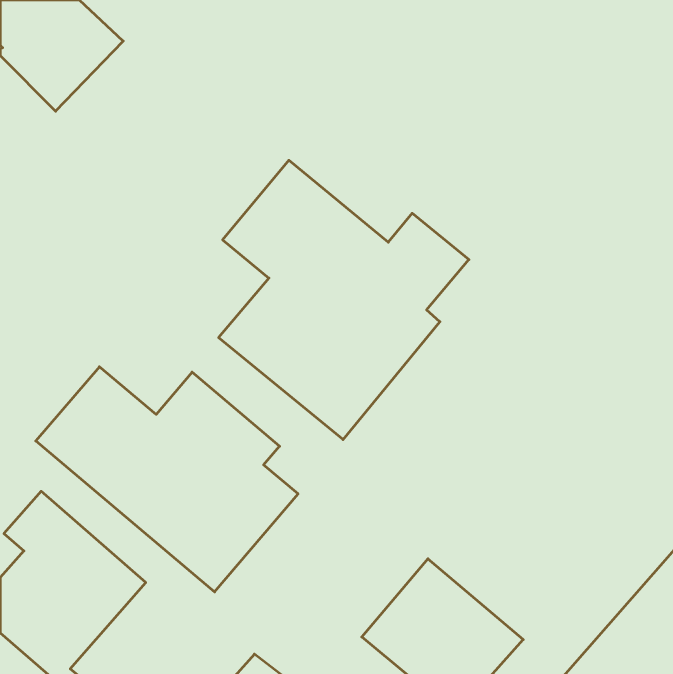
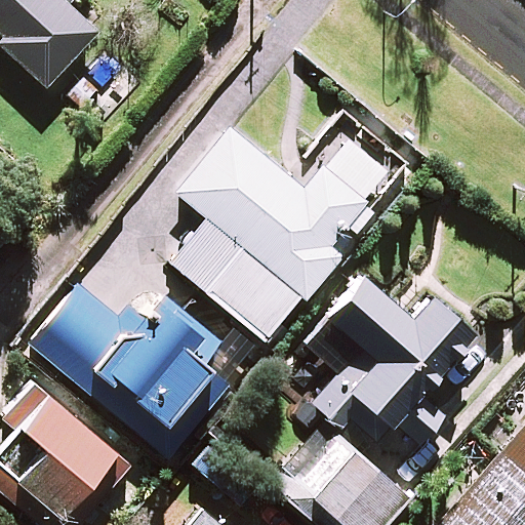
building: none -> [315,268,483,445]

